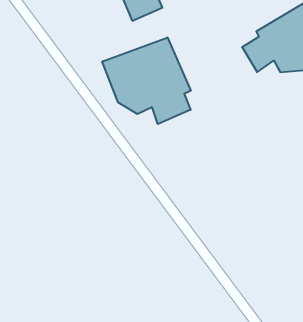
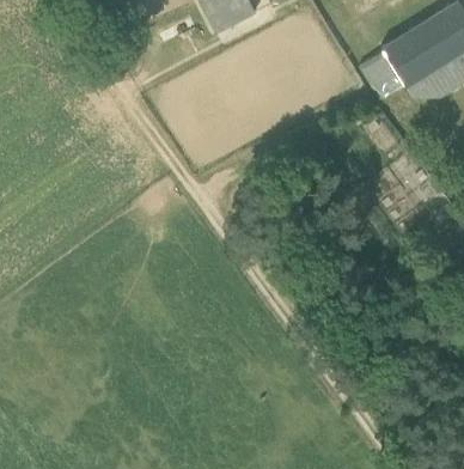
building: [102,37,191,124] -> none

